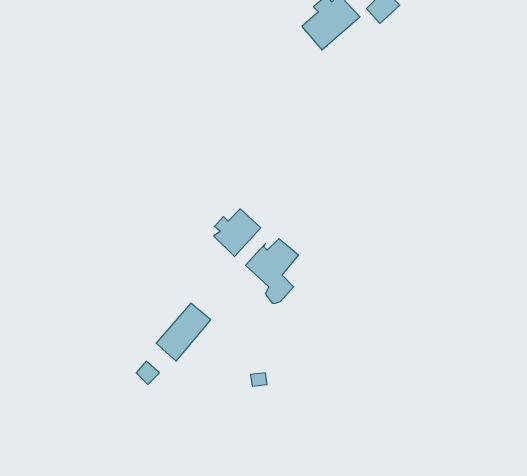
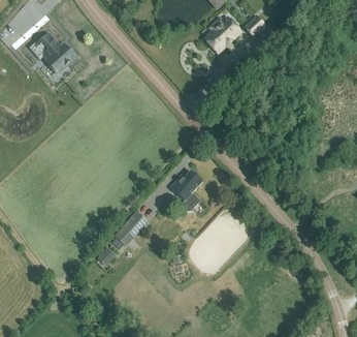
building: none -> [29,34,75,73]
building: [214,209,261,256] -> none

